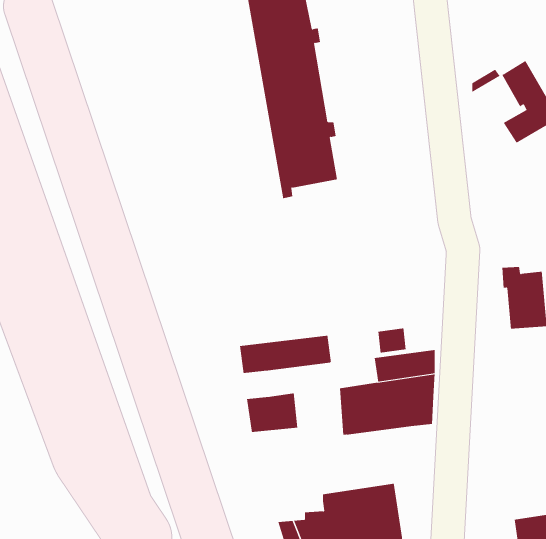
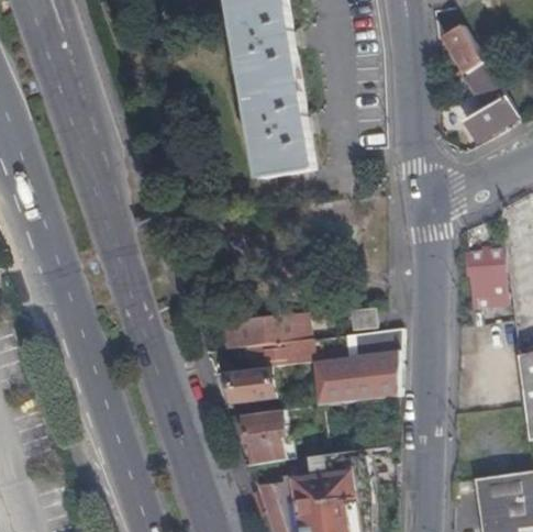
building: none -> [441,25,482,75]
building: none -> [245,339,307,369]
building: none -> [242,408,297,464]

